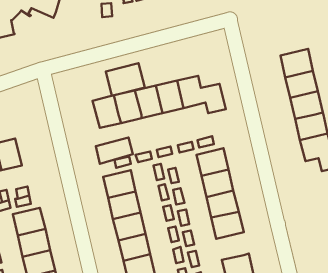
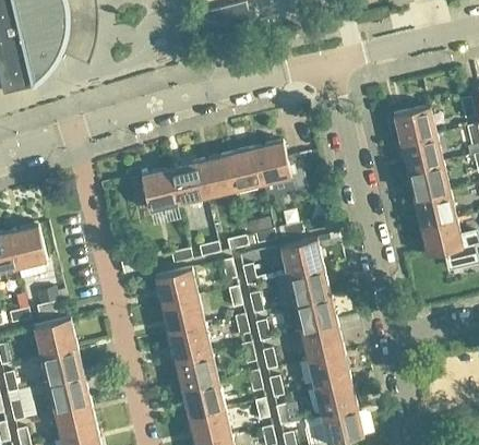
building: [106,63,145,96] -> none
building: [96,137,133,164] -> none
building: none -> [307,350,350,387]

